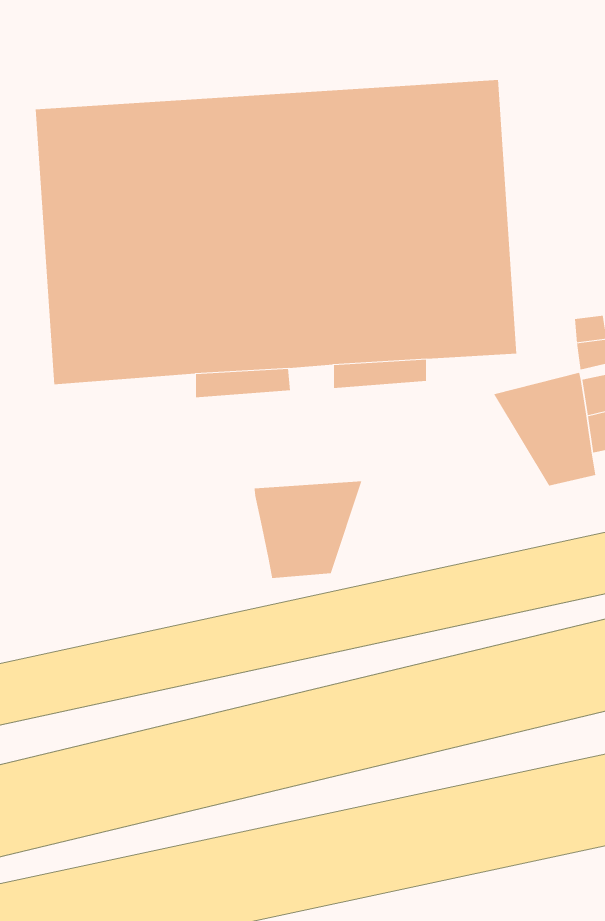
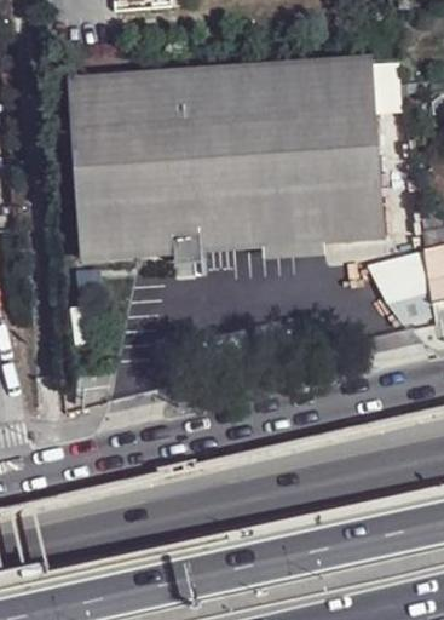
building: [254,480,362,579] -> none

